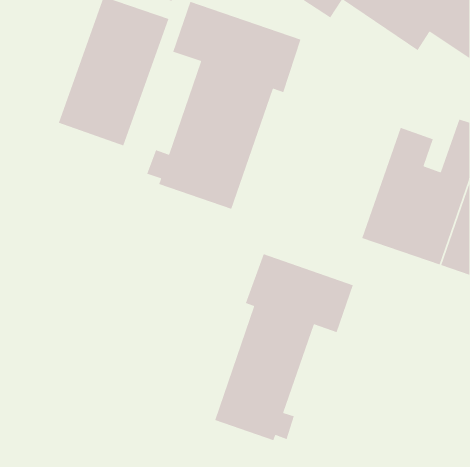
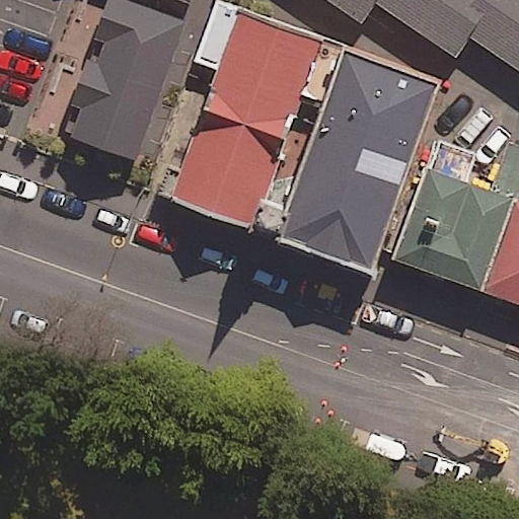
building: none -> [276,56,439,278]
building: [214,253,354,441] -> none

